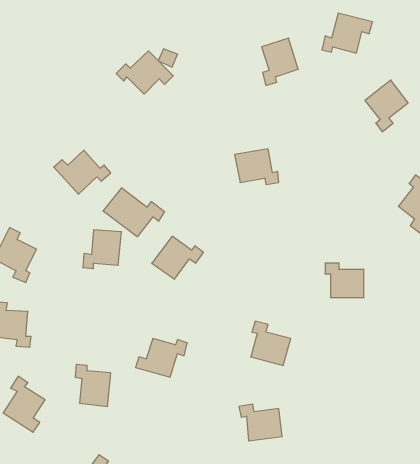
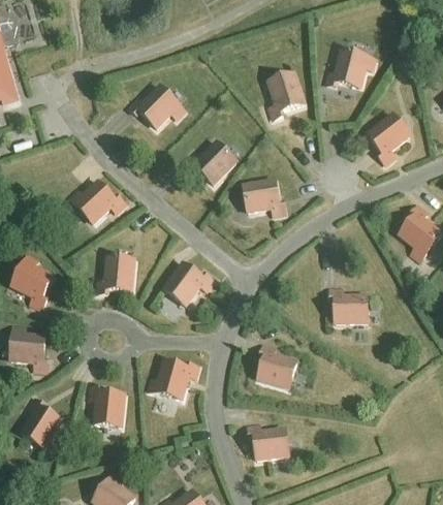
building: none -> [186,141,235,184]
building: [103,188,165,237] -> none

